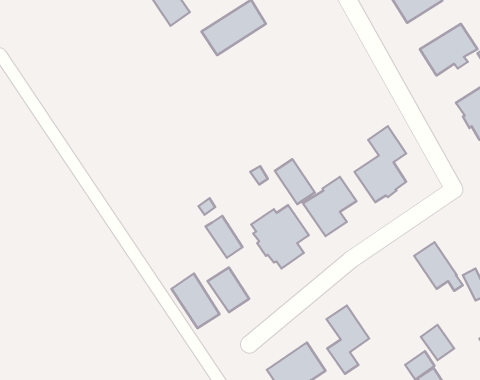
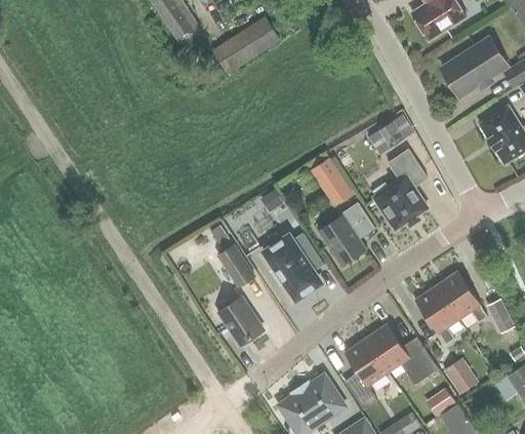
building: none -> [378,114,414,148]
building: [275,159,315,204] -> [311,161,353,208]
building: none -> [414,285,459,345]
building: [172,273,220,328] -> none
building: none -> [365,323,439,385]

